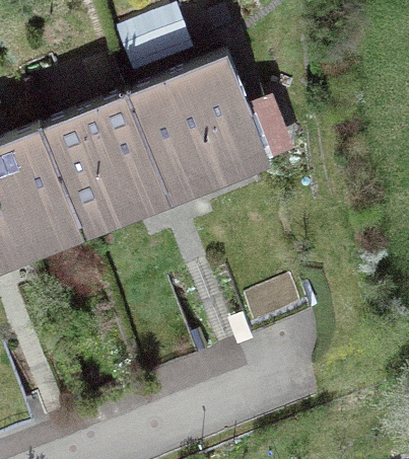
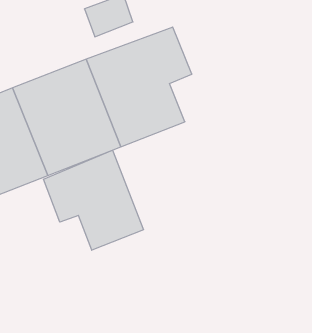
building: none -> [44,150,143,250]

